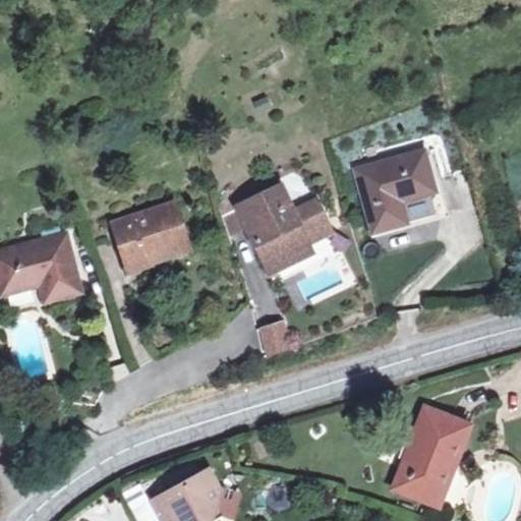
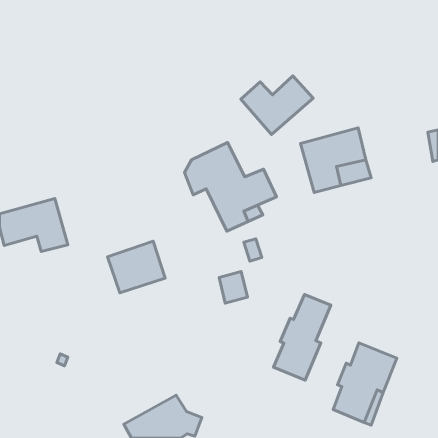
building: none -> [241,76,313,135]
building: [117,205,185,266] -> [108,241,165,293]
building: none -> [274,295,331,380]

